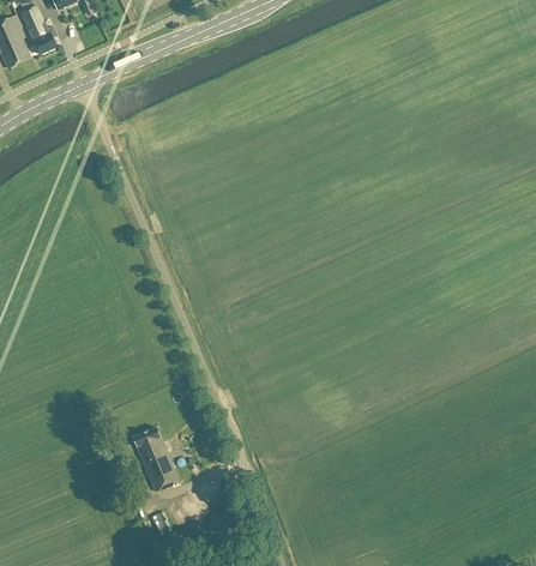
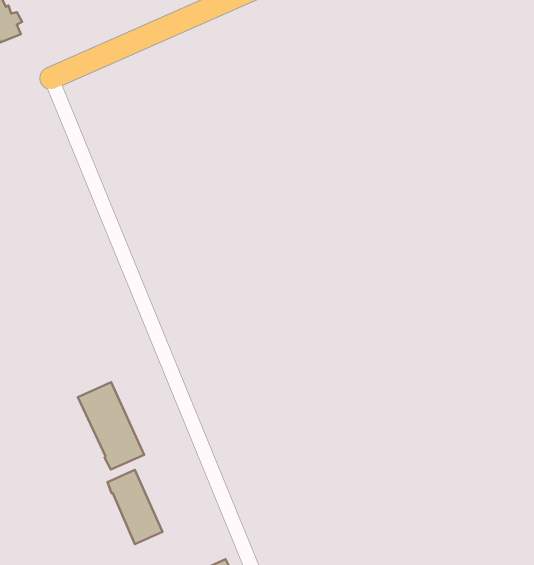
building: none -> [78,382,144,470]

